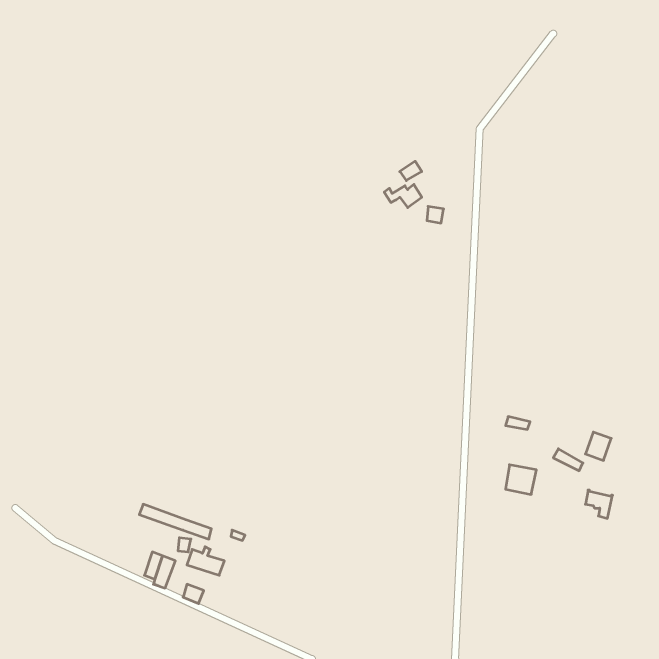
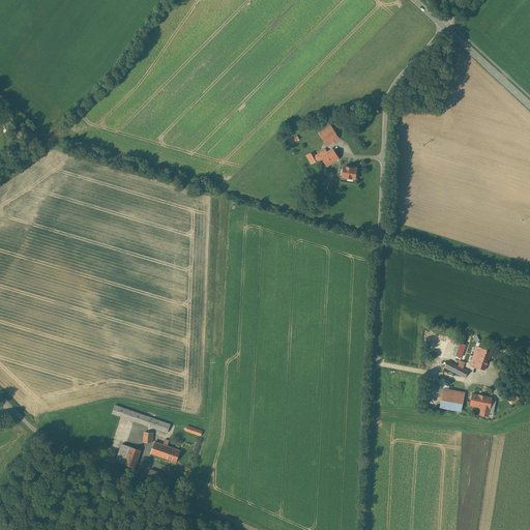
building: [506,465,536,494] -> [440,388,465,412]

